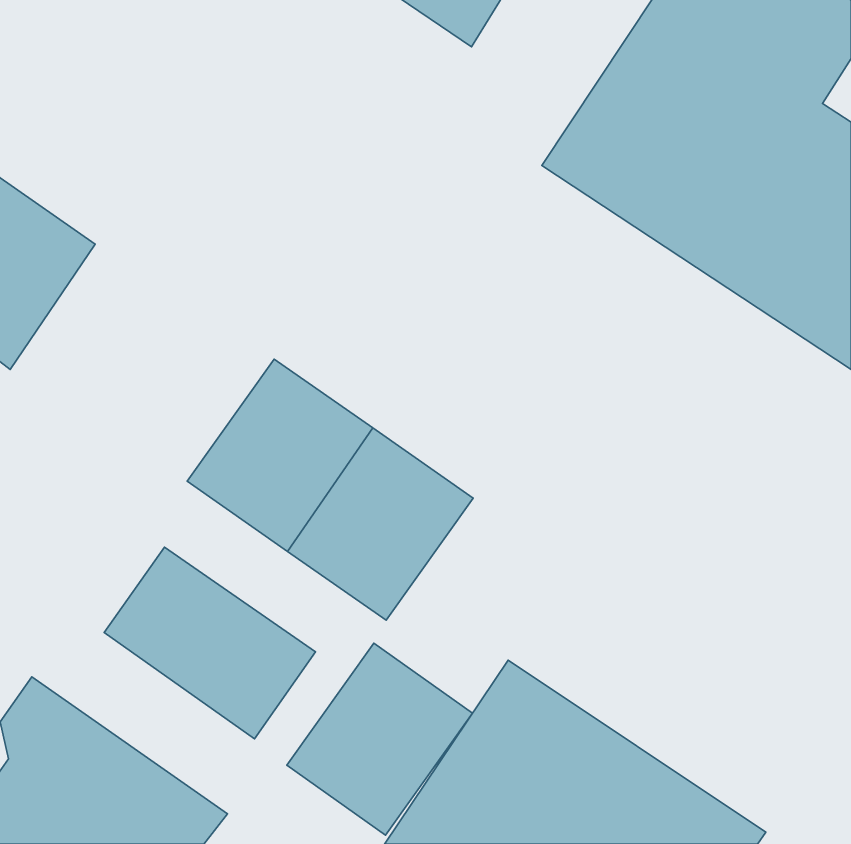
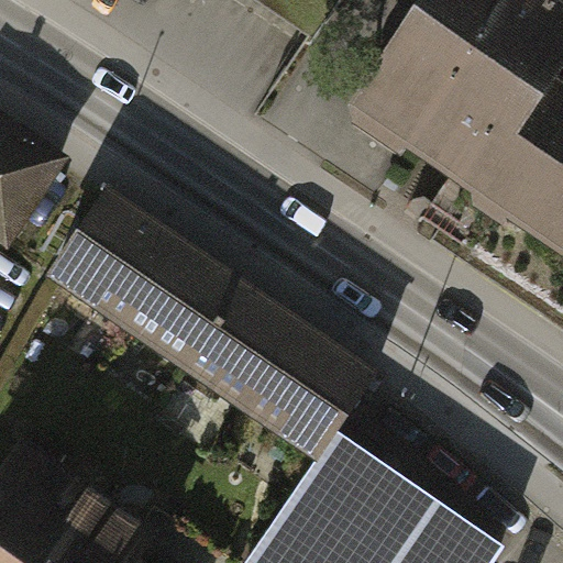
building: none -> [58,190,180,317]
building: [104,547,315,739] -> none
building: [287,643,473,835] -> [254,328,376,454]

